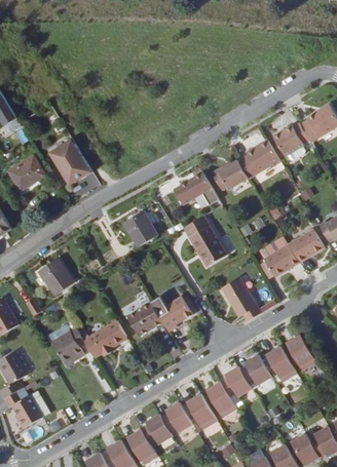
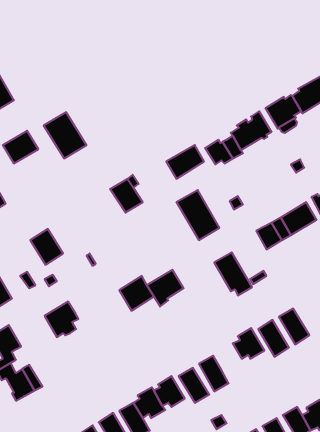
building: [81,320,125,359] -> none
building: [220,367,251,398] -> none

